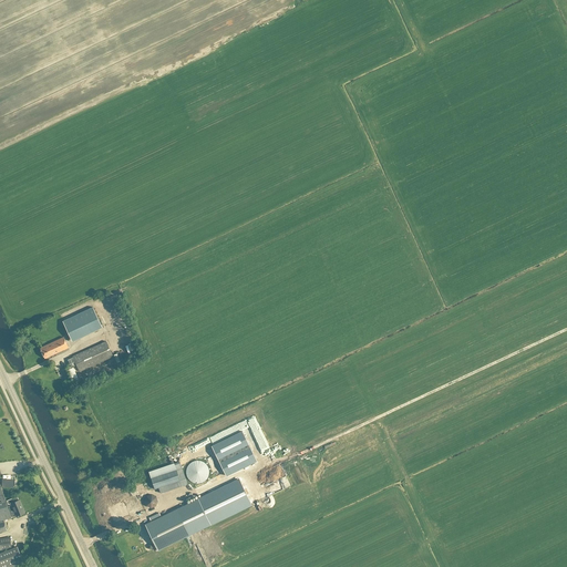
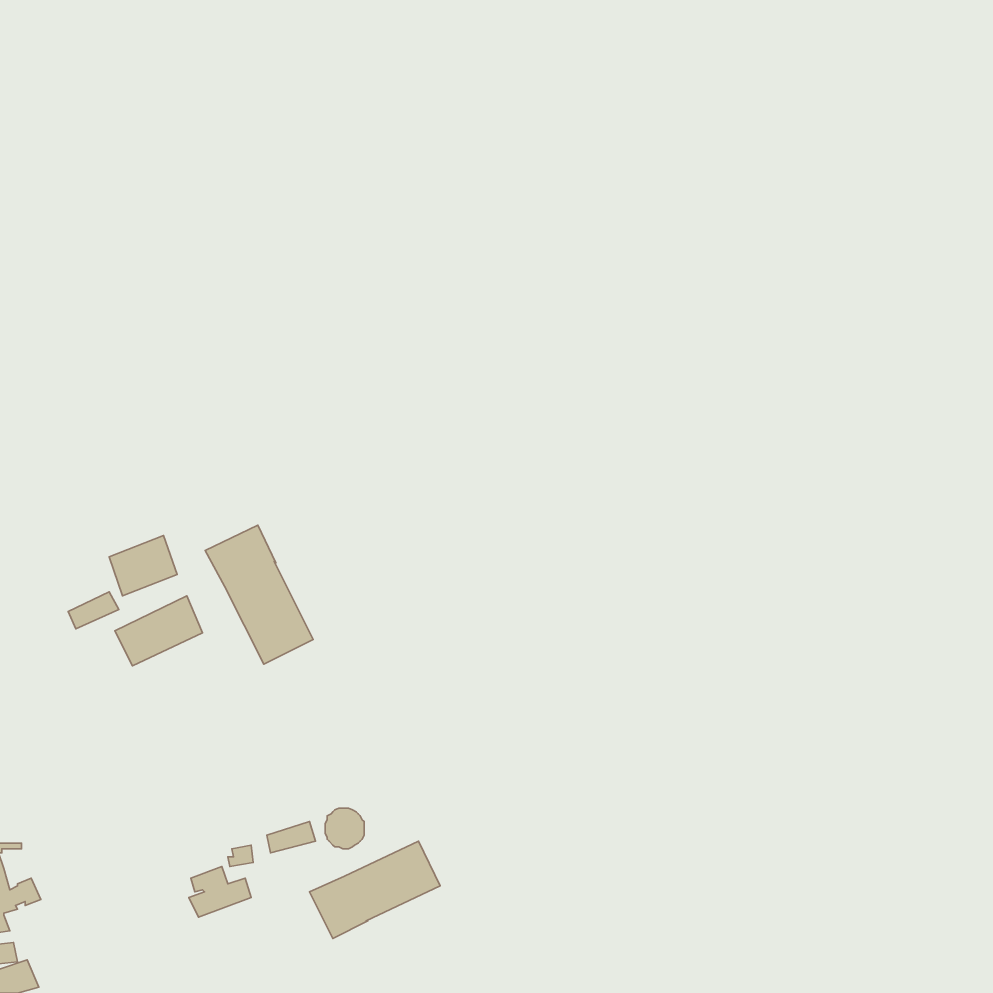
building: none -> [205,525,313,664]
building: [210,430,255,475] -> none
building: [144,507,189,549] -> none

